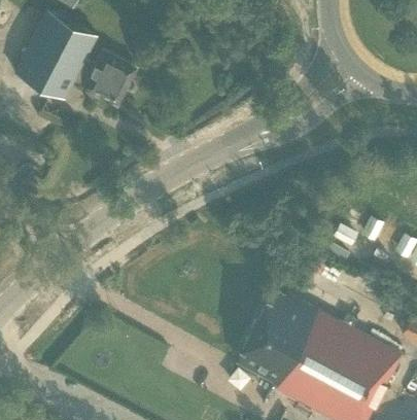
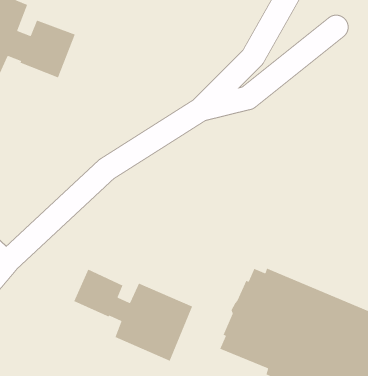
building: none -> [73,269,193,362]

